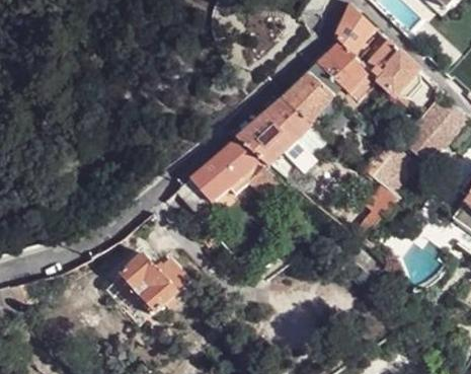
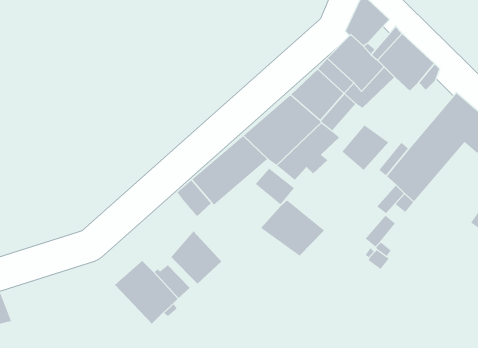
building: none -> [342,125,389,171]
building: none -> [260,200,324,257]
building: none -> [170,230,222,285]

